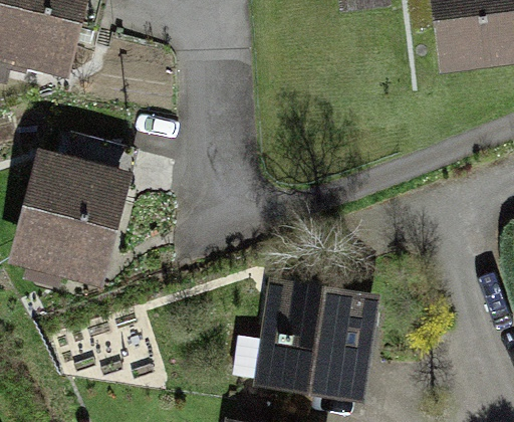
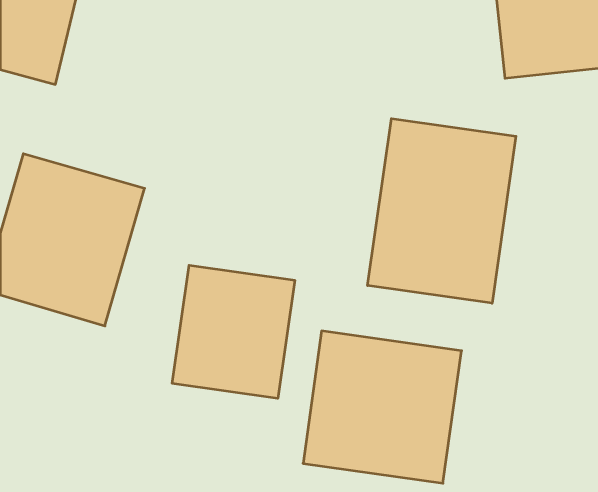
building: none -> [368,119,516,303]
building: none -> [172,265,295,398]

